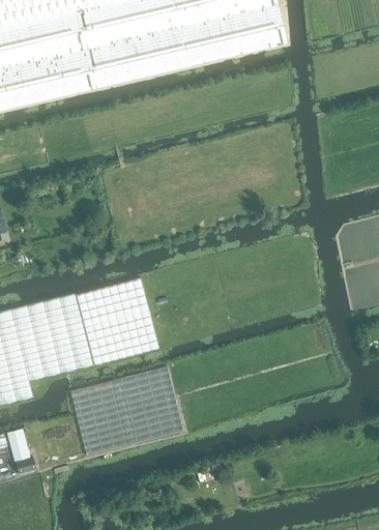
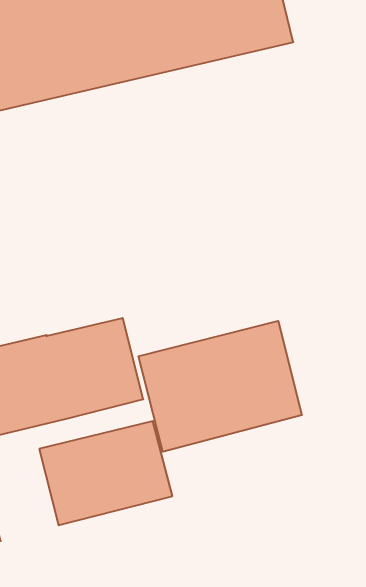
building: none -> [139,321,302,452]

